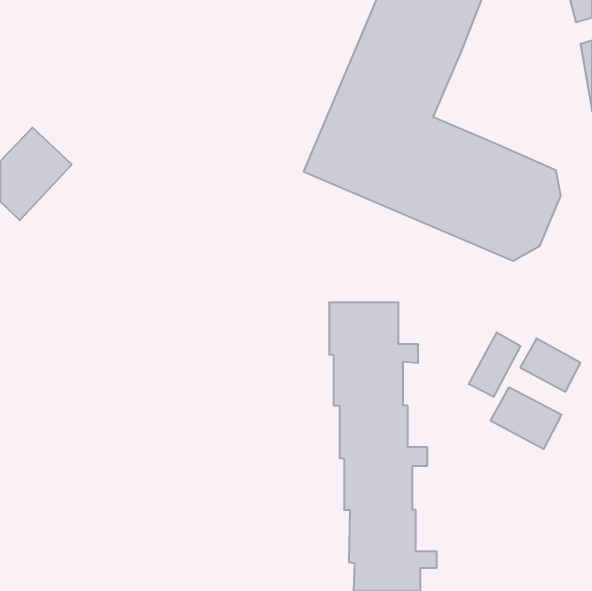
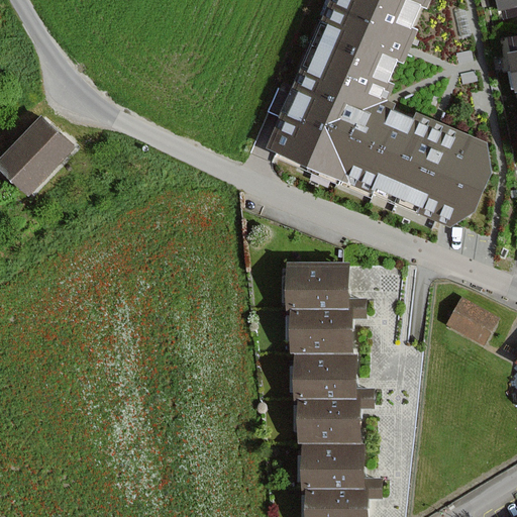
building: [469,332,521,397] -> none
building: [491,387,562,449] -> none

